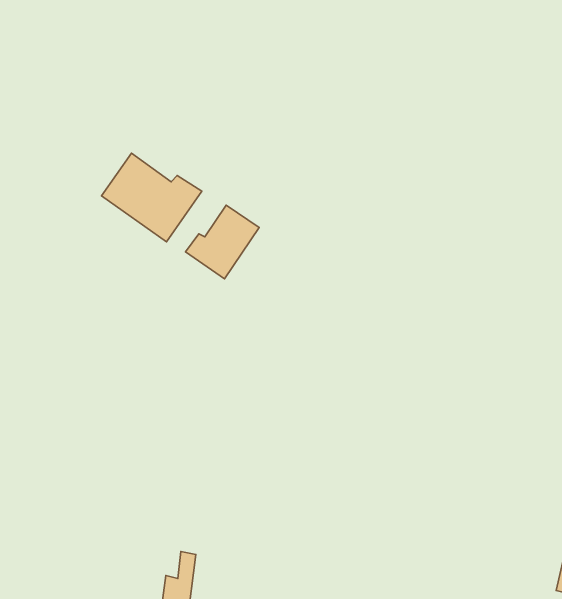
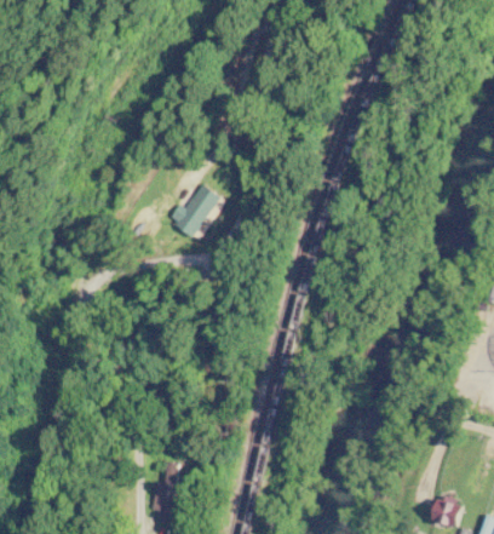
building: [102,153,202,242] -> none

